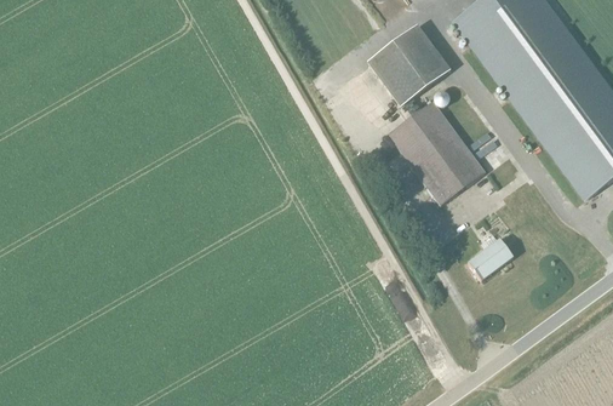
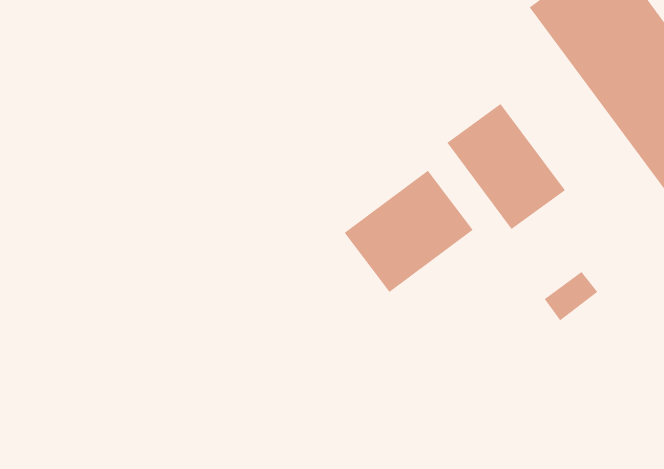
building: [369,28,447,104] -> none
building: none -> [344,170,474,293]

